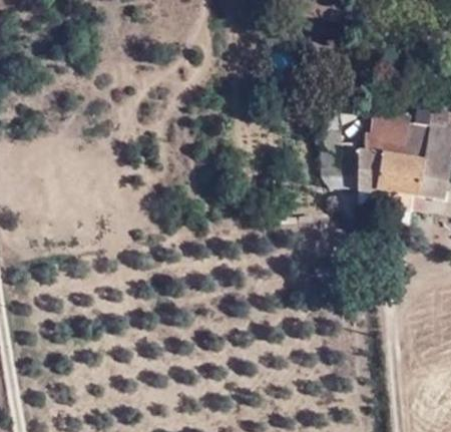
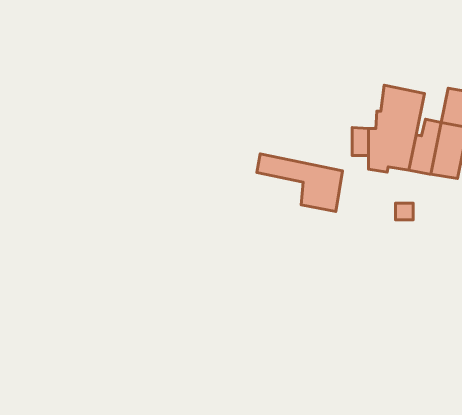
building: [405,108,436,158] -> none
building: none -> [257,154,343,212]

